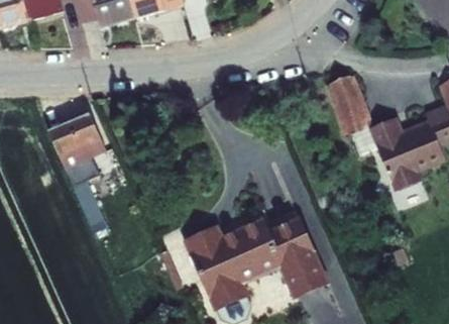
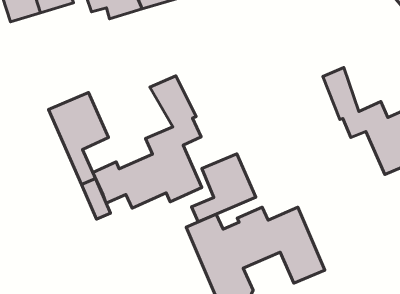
building: none -> [93,76,202,208]
building: none -> [192,154,256,222]

